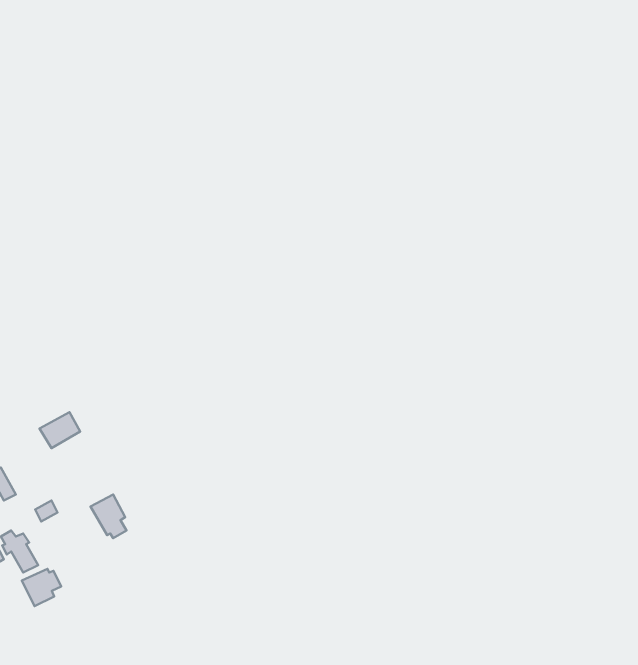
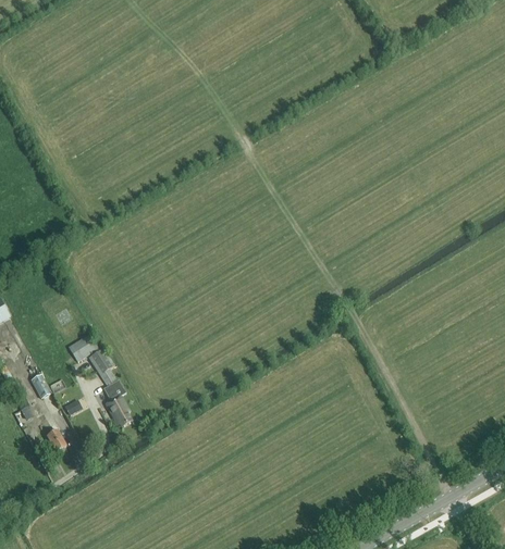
building: none -> [88,349,115,386]
building: [22,569,61,606] -> none

